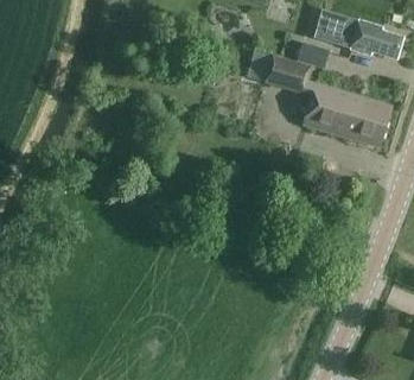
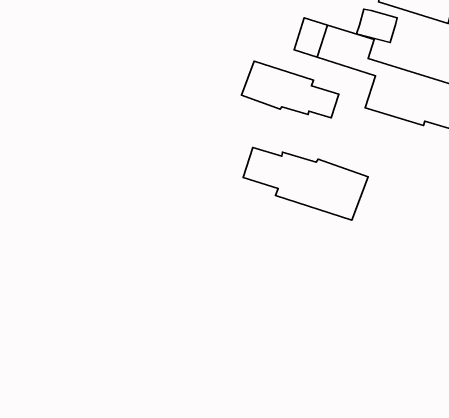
building: none -> [241,61,339,118]
building: none -> [243,148,368,220]

